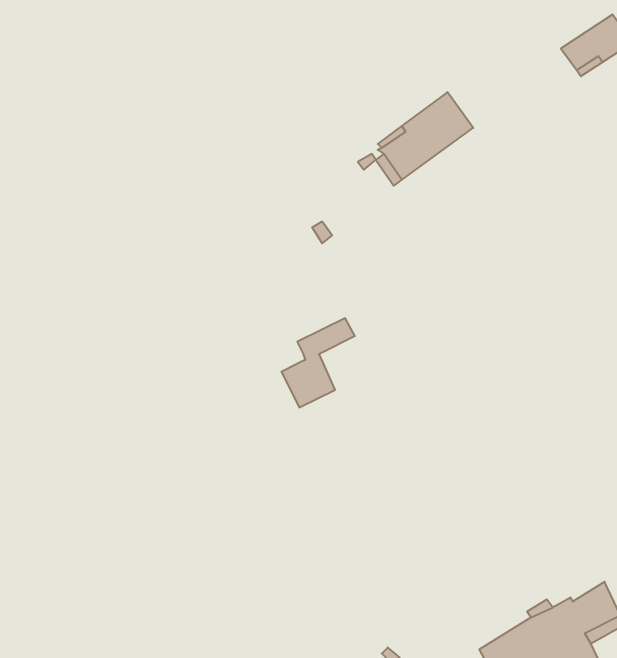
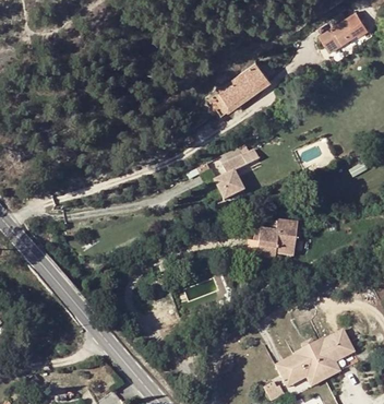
building: [281,318,355,408] -> [215,150,255,199]
building: none -> [260,227,300,259]

